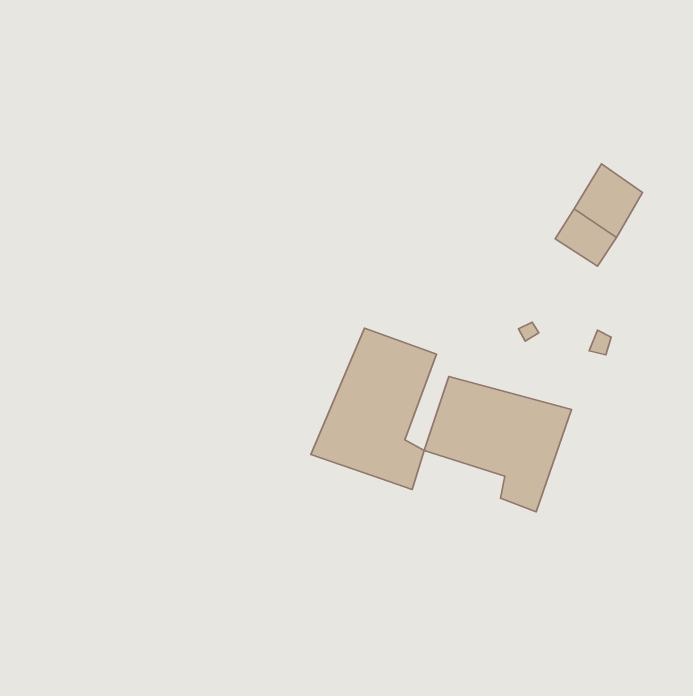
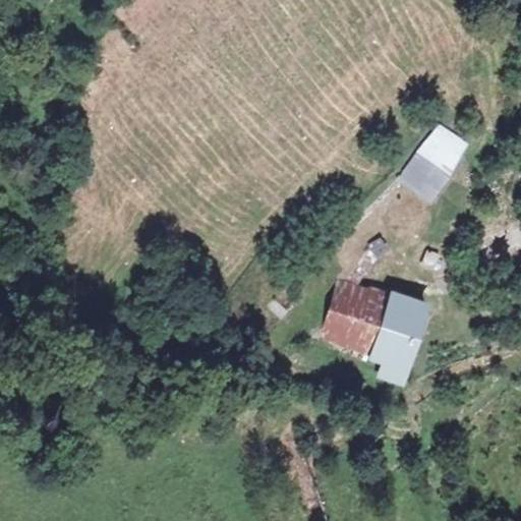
building: [311,328,437,490] -> none

